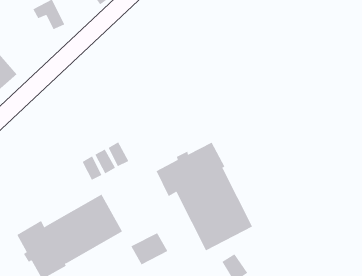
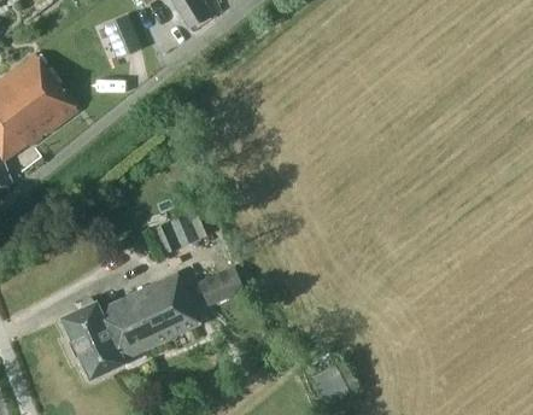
building: [156,142,253,251] -> none
building: [131,232,168,265] -> [197,265,245,306]

